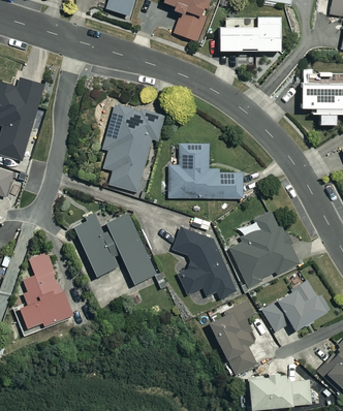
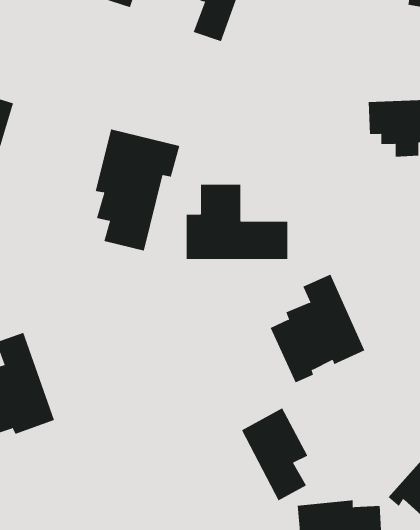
building: [220,19,281,51] -> none
building: [73,214,156,284] -> none
building: [172,227,236,298] -> none
building: [262,281,326,331] -> none

